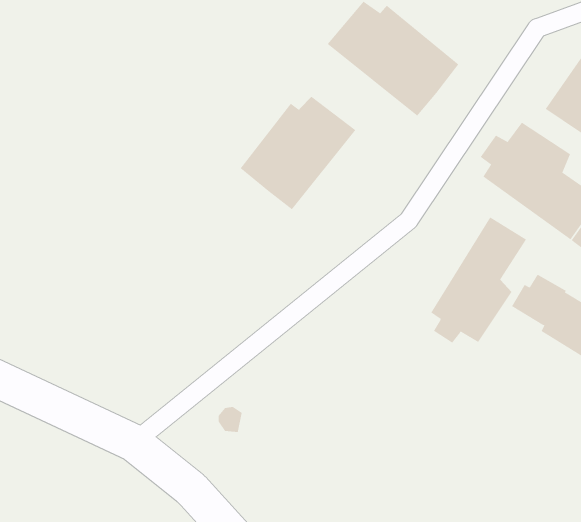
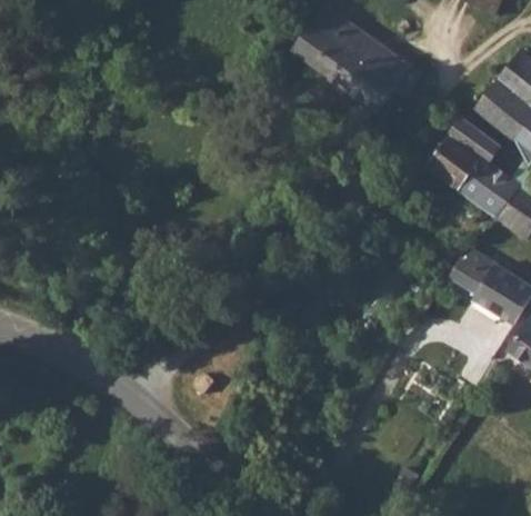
building: [240,96,356,210] -> none
building: [430,217,527,343] -> none

